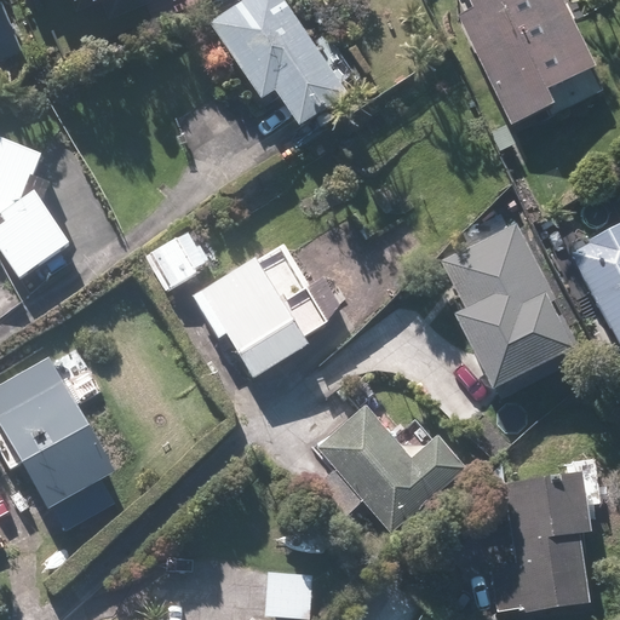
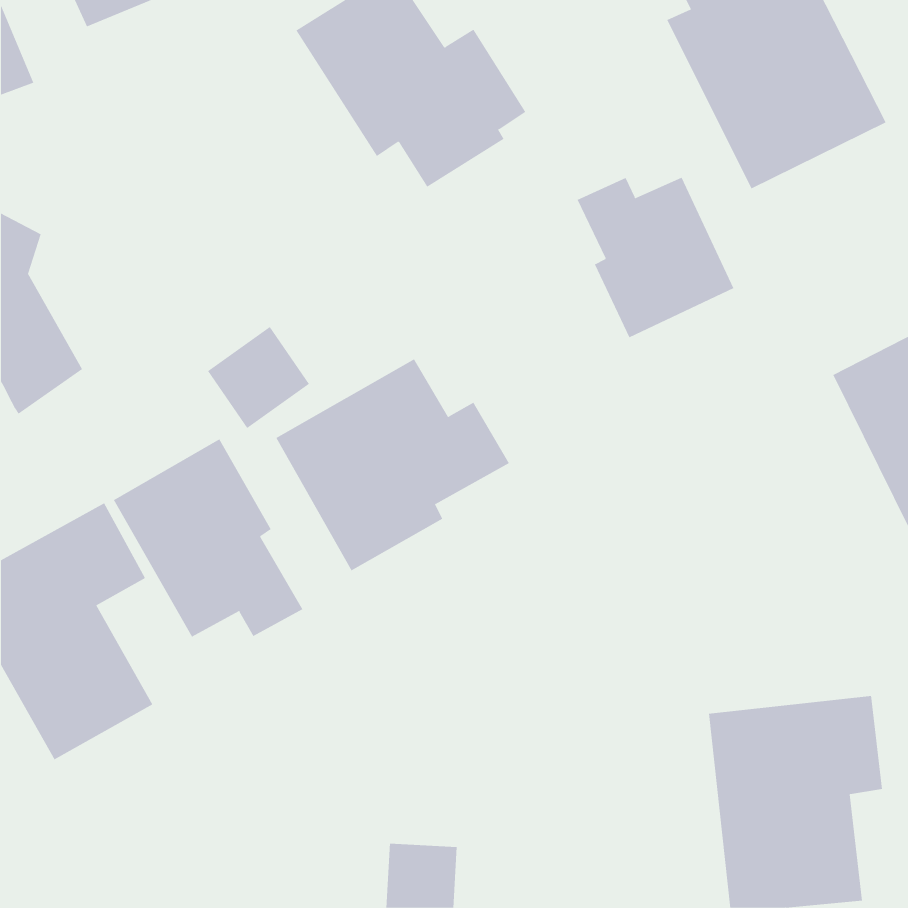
building: none -> [577,177,734,338]
building: [441,220,570,390] -> none
building: none -> [113,439,303,637]
building: [318,403,466,529] -> none

